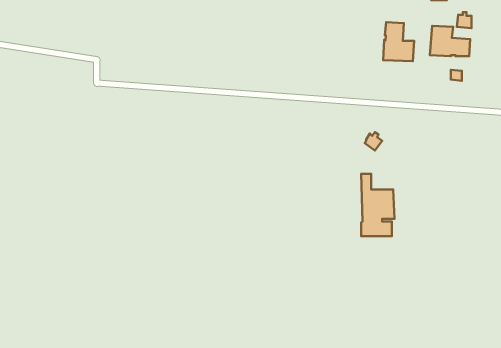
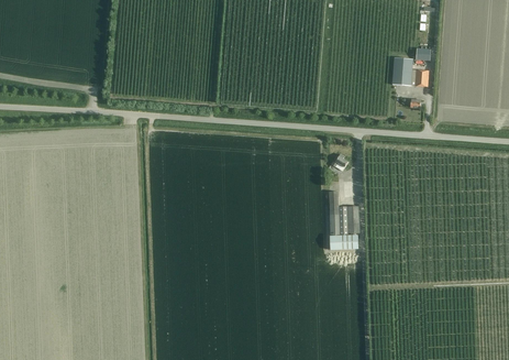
building: [383,22,414,61] -> none

